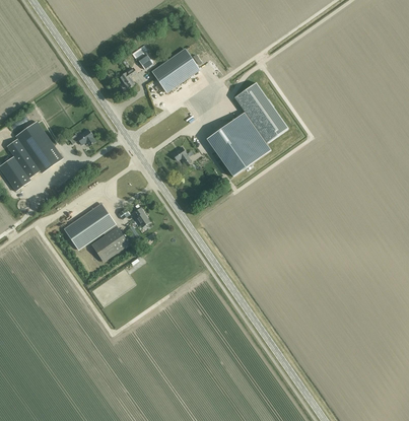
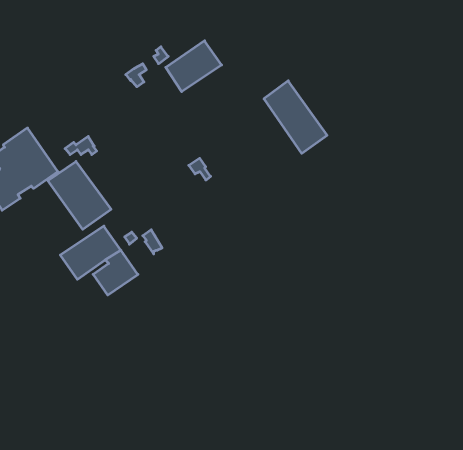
building: [207,121,259,176] -> none
building: none -> [48,161,111,229]

